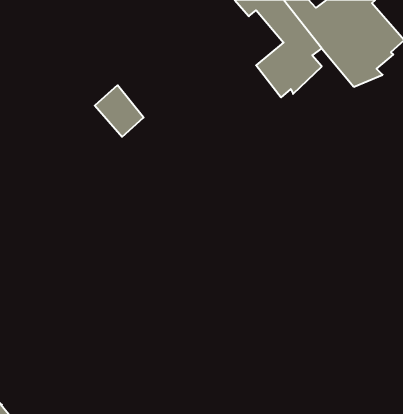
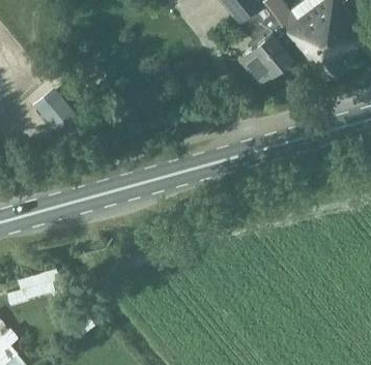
building: [95,85,144,137] -> [37,91,80,135]

